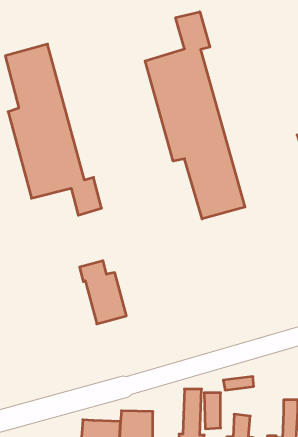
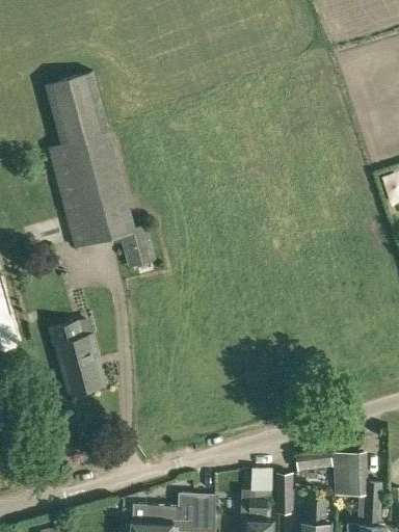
building: [145,12,245,219] -> none
building: [80,261,126,324] -> [51,322,105,395]
building: none -> [334,453,363,498]

